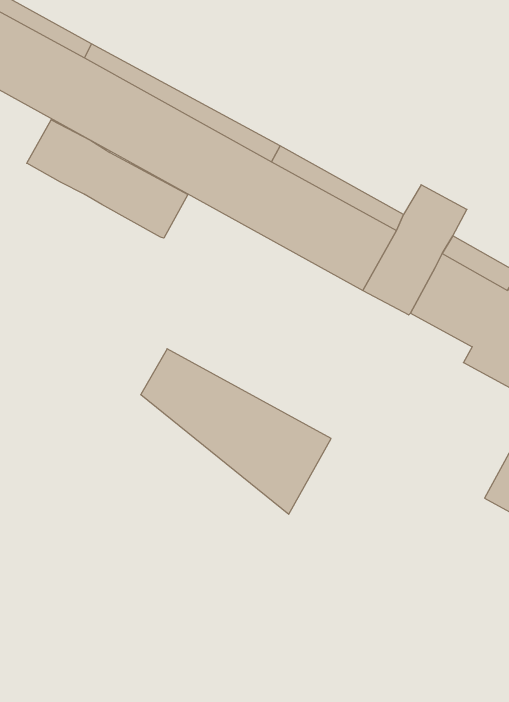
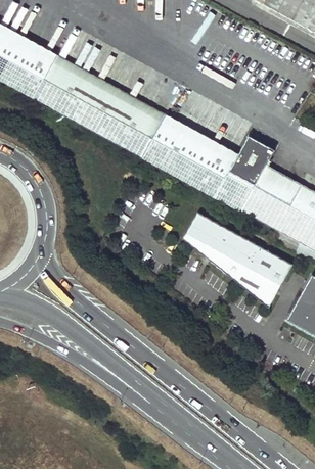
building: [27,120,188,238] -> none
building: [141,349,331,514] -> [181,210,291,307]

